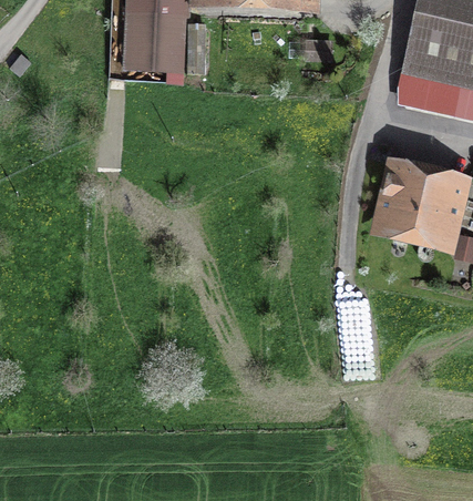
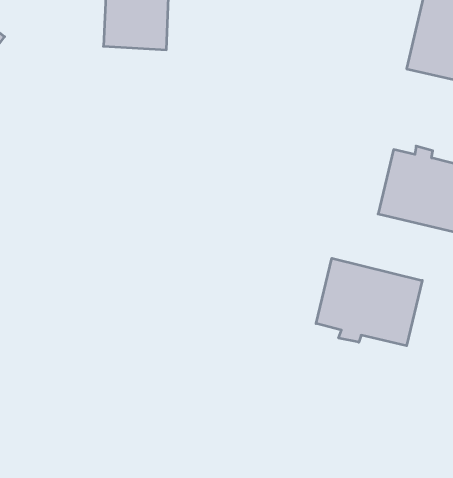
building: none -> [316,258,422,346]

